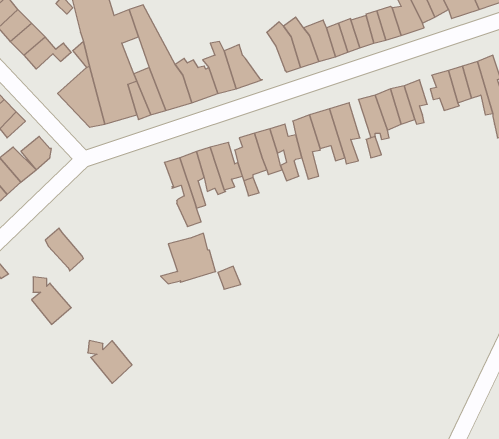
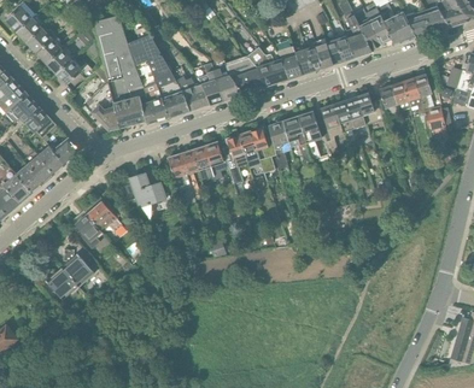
building: none -> [226,55,262,93]
building: none -> [86,201,122,231]
building: [161,233,216,284] -> [122,169,165,208]
building: [88,341,132,383] -> [42,266,77,300]

